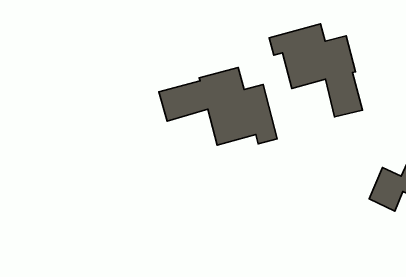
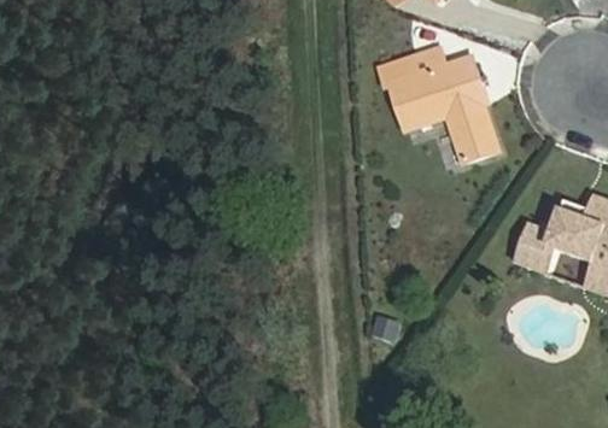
building: [159,67,277,145] -> none

